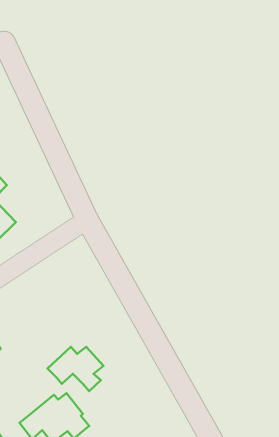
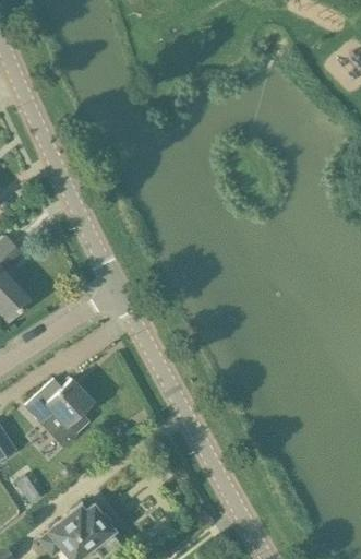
building: [47,347,103,391] -> [24,381,92,435]

